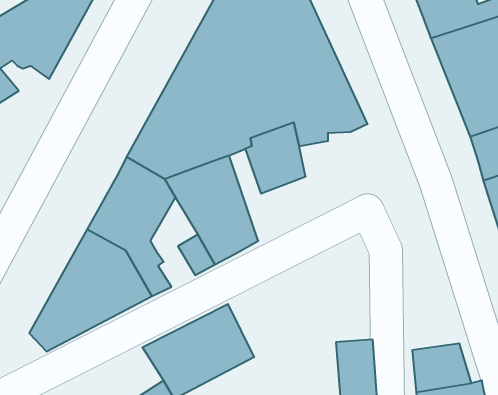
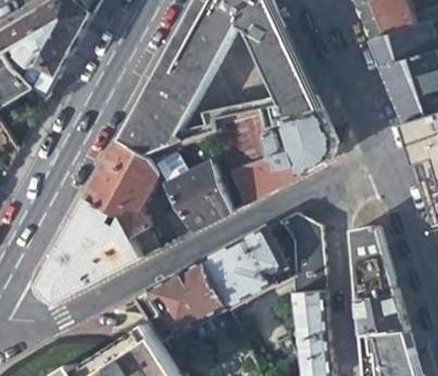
building: none -> [230,113,331,203]
building: none -> [279,214,323,293]
building: none -> [350,226,395,300]
building: none -> [203,229,283,311]

